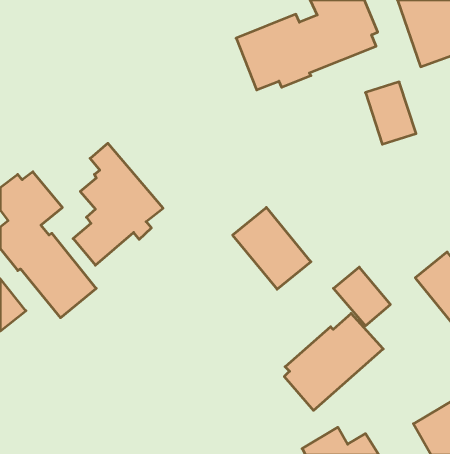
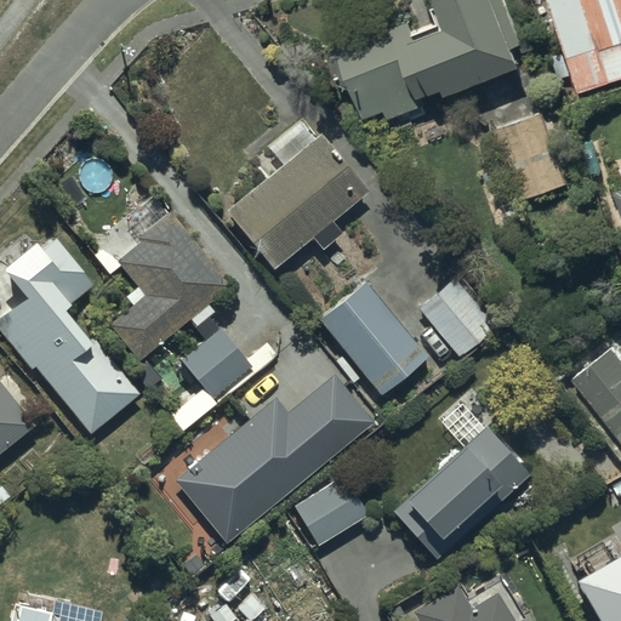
building: none -> [223,123,368,270]
building: none -> [180,329,251,400]
building: [333,267,390,326] -> [422,278,500,358]
building: none -> [173,375,372,545]
building: none -> [294,475,369,547]

